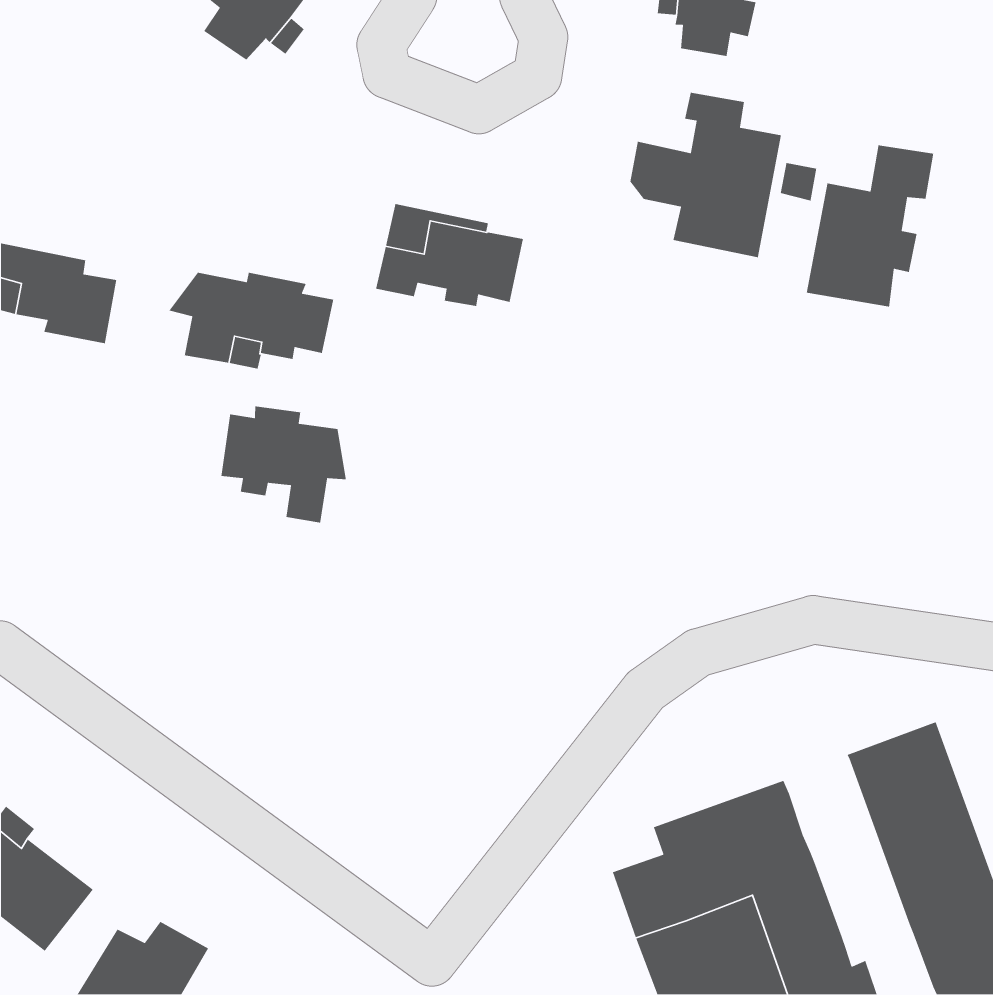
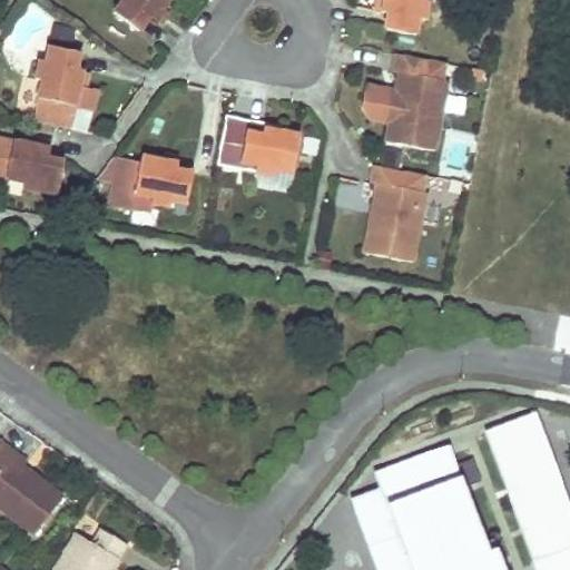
building: none -> [33,42,98,126]
building: [806,144,934,307] -> none
building: none -> [365,166,425,263]
building: [220,406,347,524] -> none

